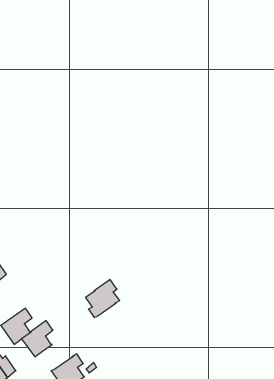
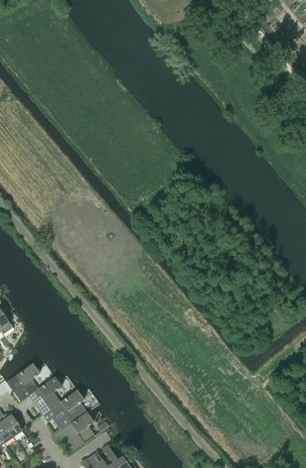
building: [86,280,120,318] -> [50,389,87,430]

